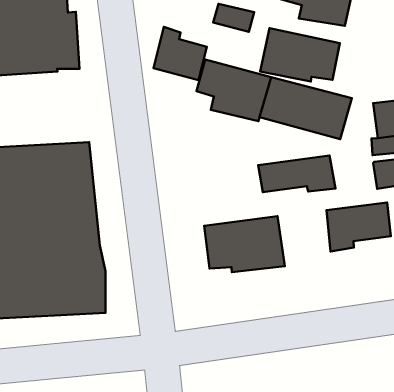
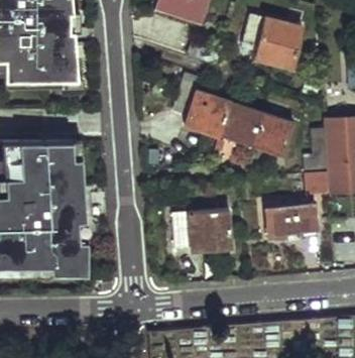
building: [154,27,207,80] -> none
building: [260,28,340,81] -> none
building: [258,156,336,192] -> none

